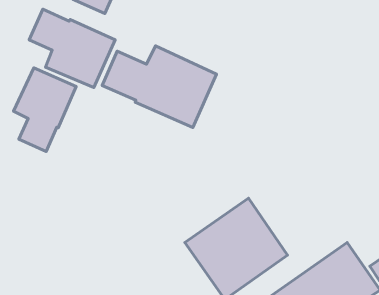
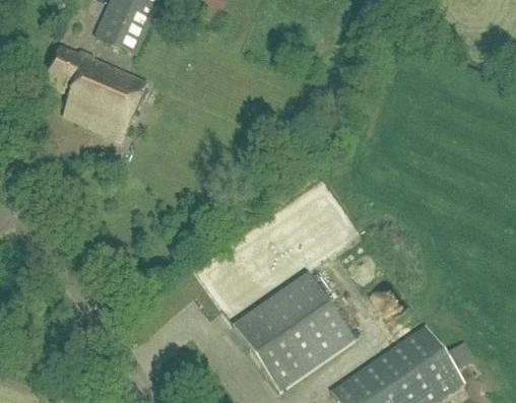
building: [102,46,216,128] -> none
building: [14,68,76,151] -> none

